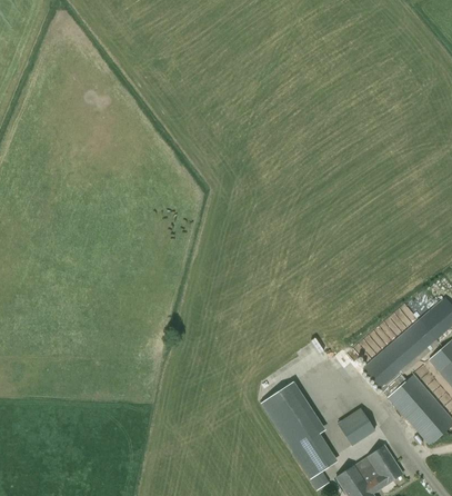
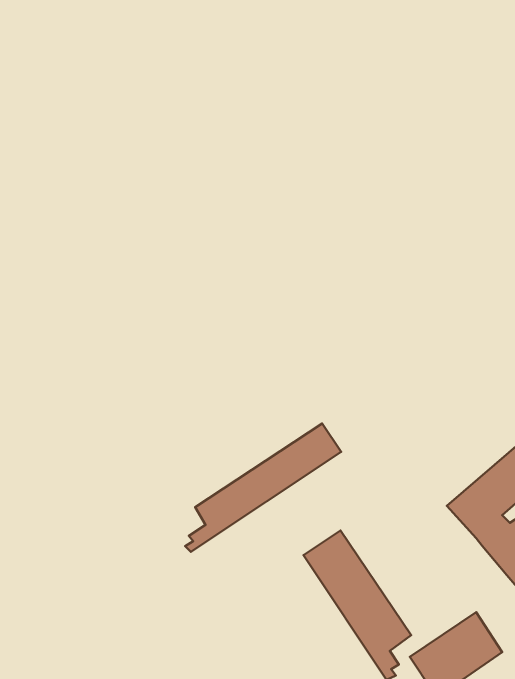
building: none -> [185,423,341,552]
building: [339,407,376,445] -> none

